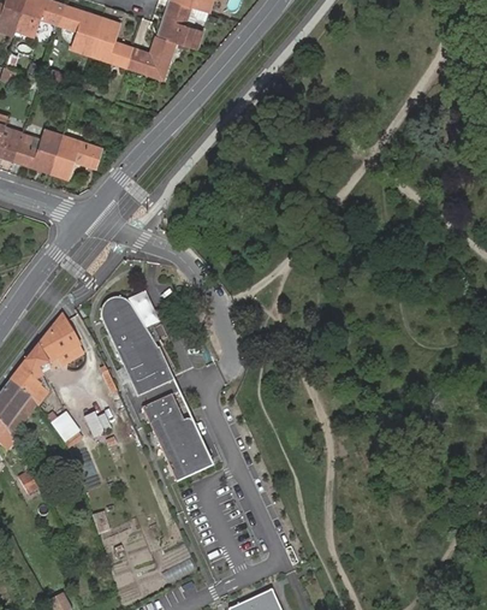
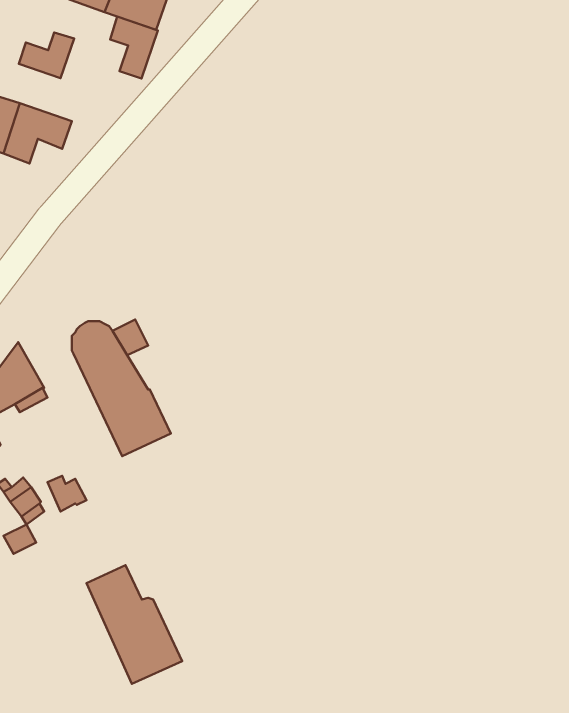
building: none -> [110,16,158,78]
building: none -> [19,32,74,78]
building: [143,393,214,481] -> [86,565,182,684]

